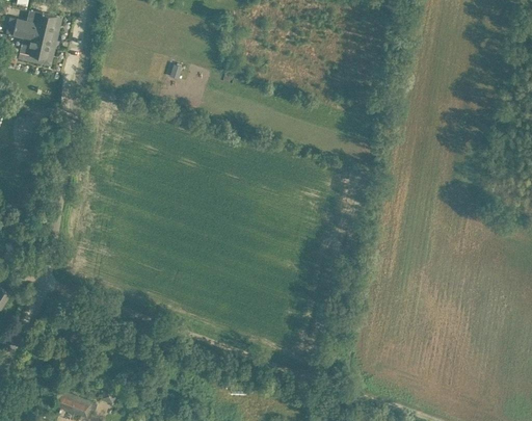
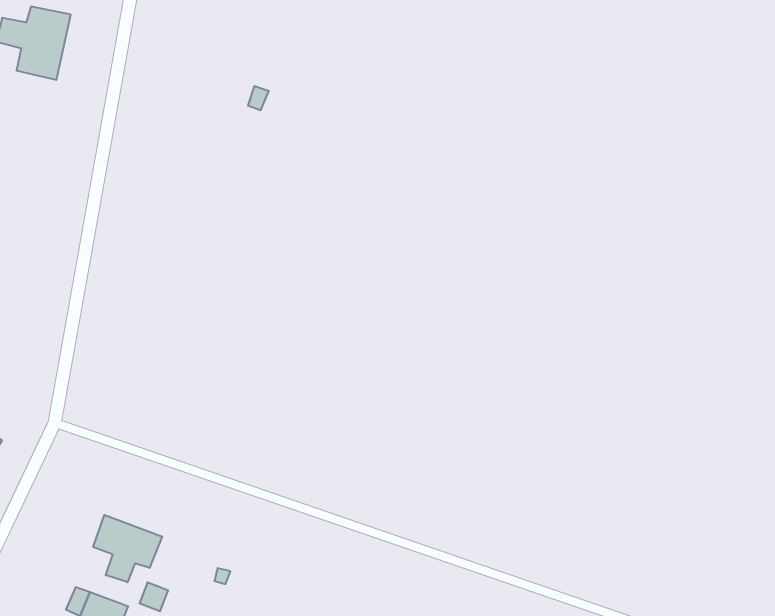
building: none -> [93,515,162,582]

